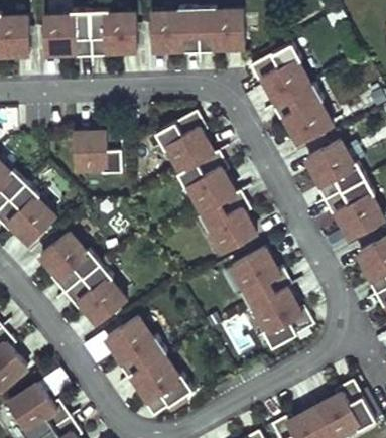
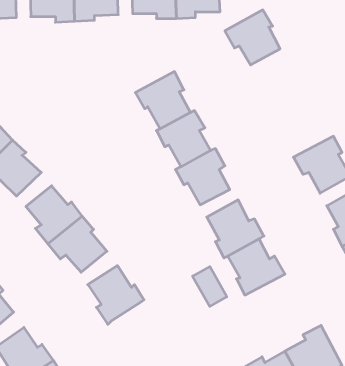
building: [271,86,331,144] -> none
building: [74,124,122,171] -> none
building: [306,140,365,201] -> none
building: [130,354,190,416] -> none

